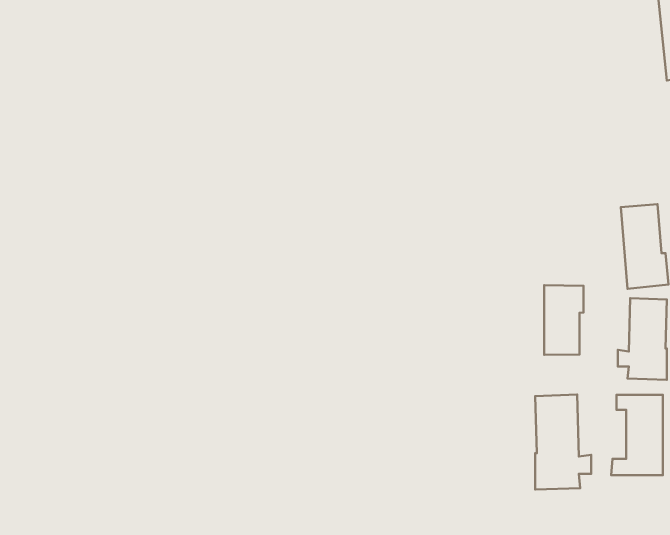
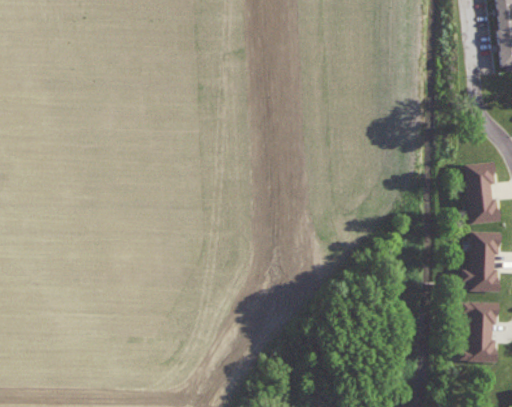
building: [544,285,584,355] -> none
building: [535,395,591,490] -> none

